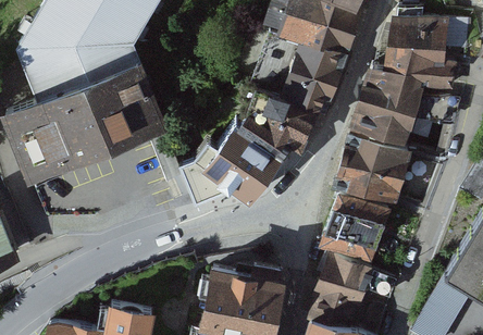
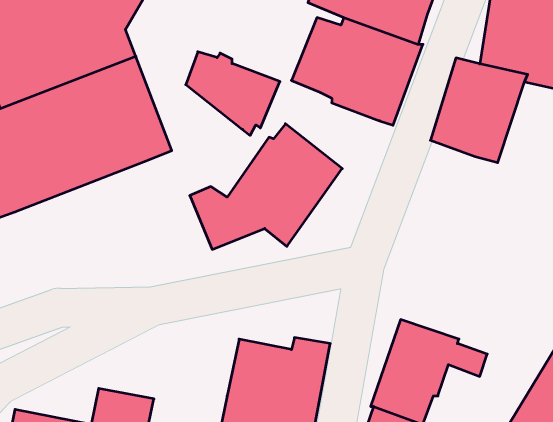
building: [248,90,317,151] -> [186,52,280,135]
building: [335,126,409,204] -> none
building: [322,194,389,260] -> none

